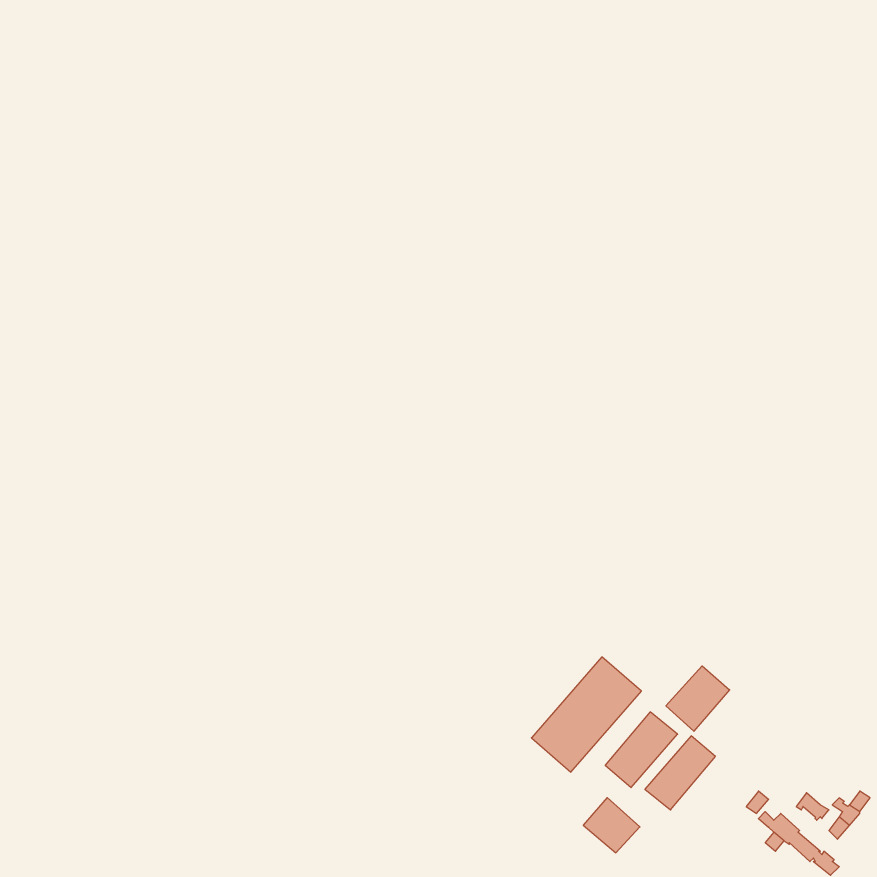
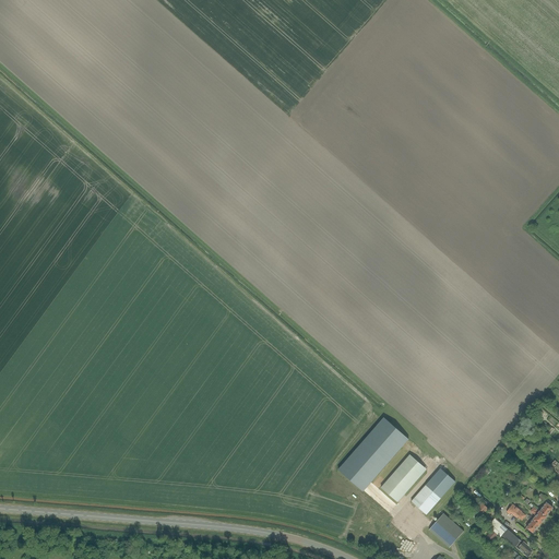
building: [666,666,730,731] -> none
building: [583,798,640,853] -> [428,512,464,547]

